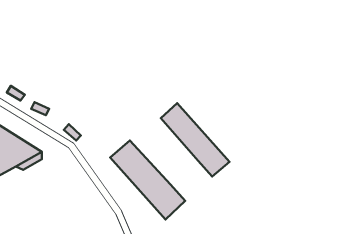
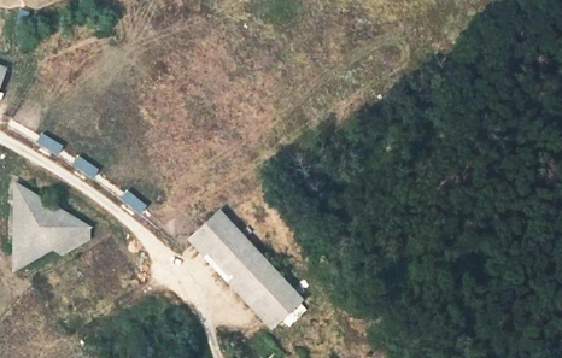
building: [161,103,230,176] -> none

